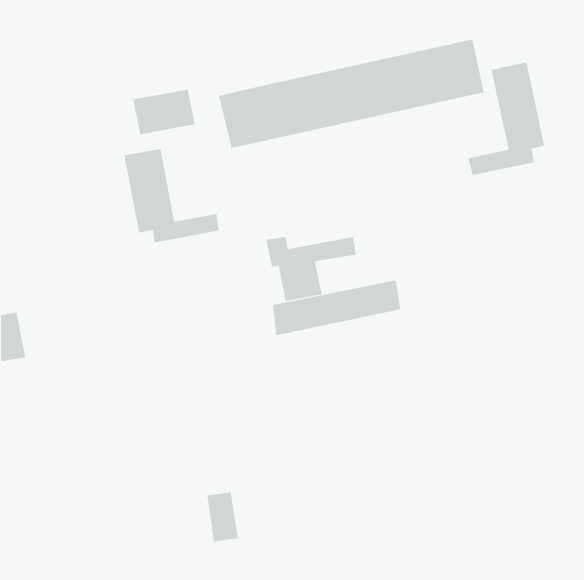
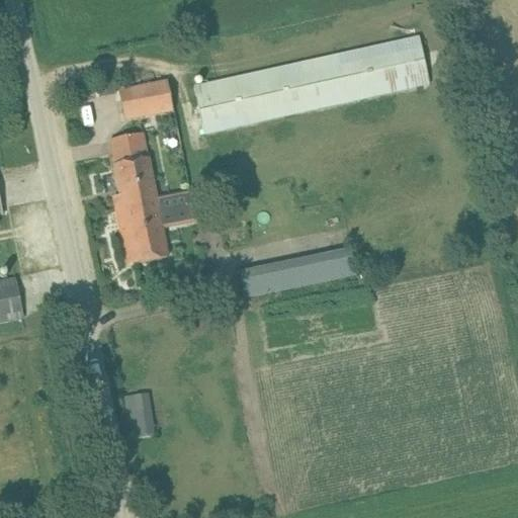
building: [468,62,551,176] -> none
building: [266,236,357,301] -> [116,204,197,262]
building: [206,492,238,542] -> [125,393,154,437]

